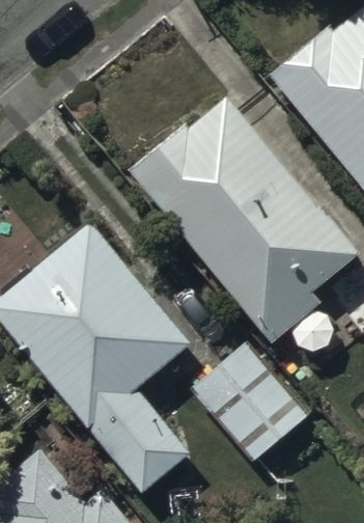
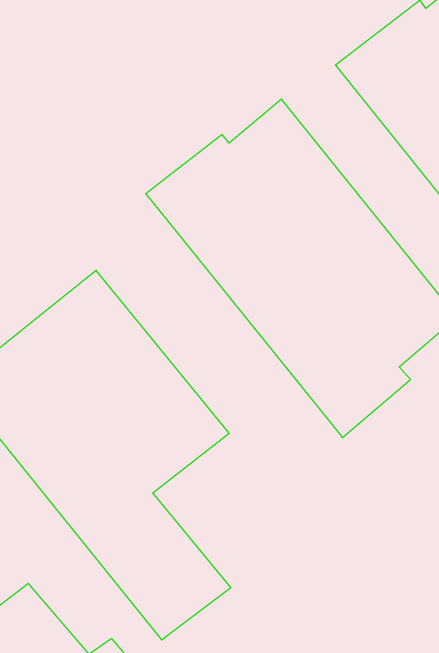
building: [192,343,312,462] -> none

